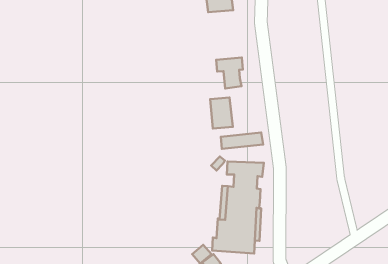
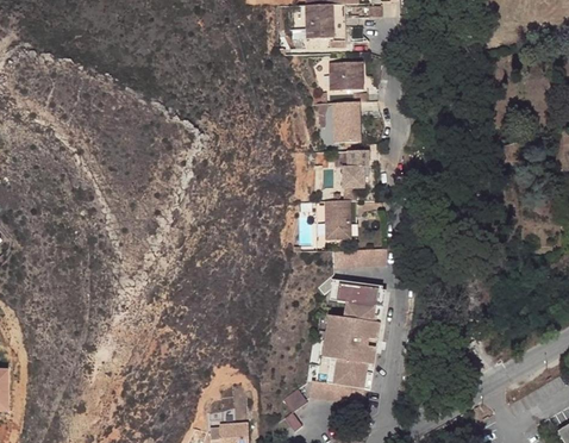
building: none -> [325,91,352,131]

